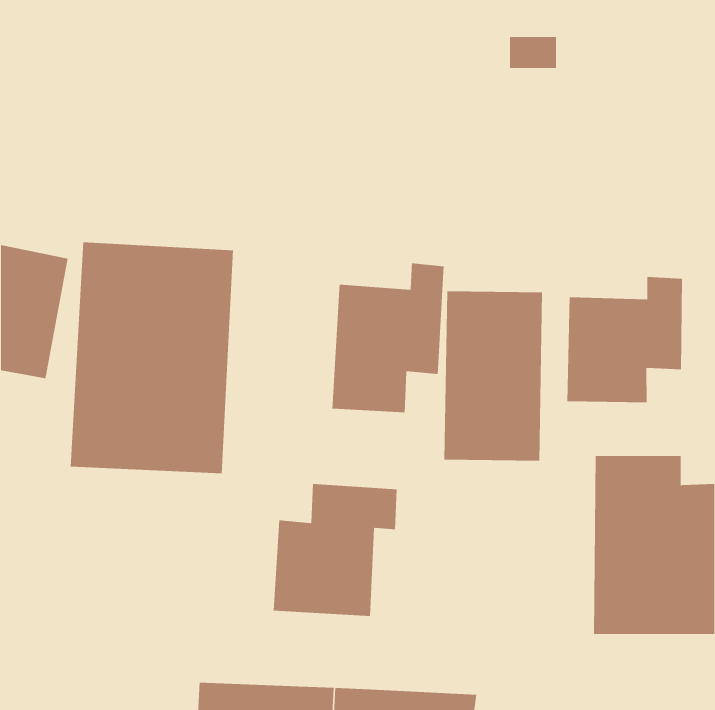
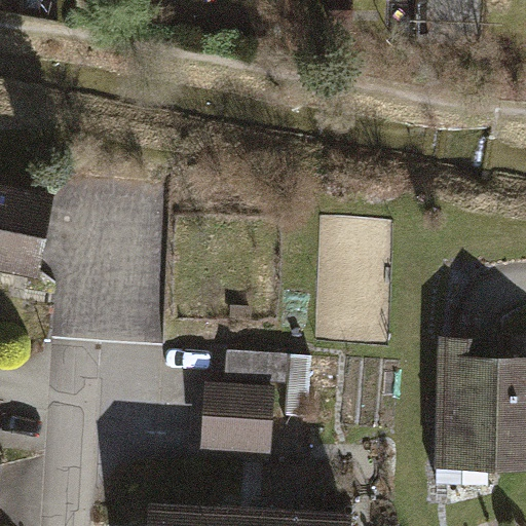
building: [332,262,444,413] -> none
building: [567,276,683,403] -> none

